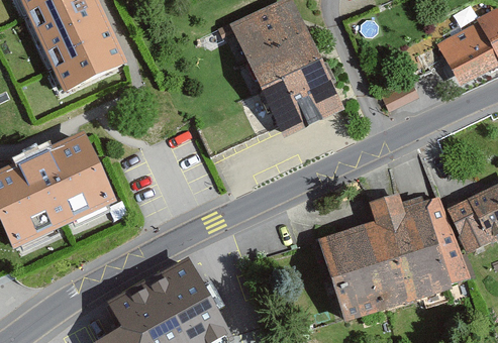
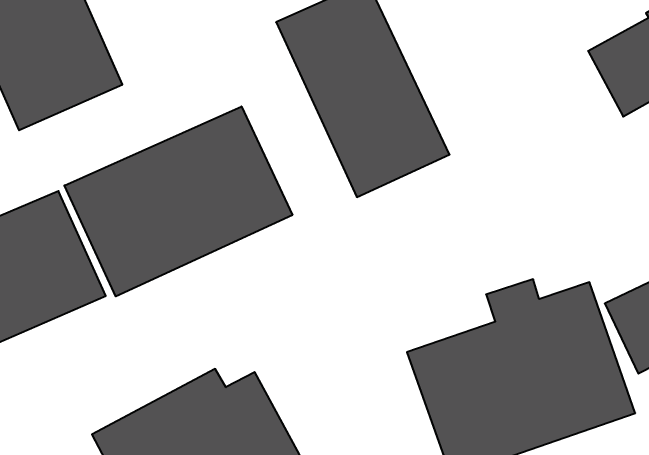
building: none -> [64,106,292,296]

